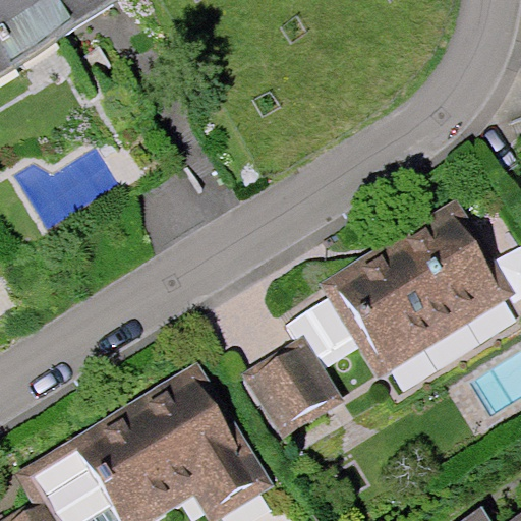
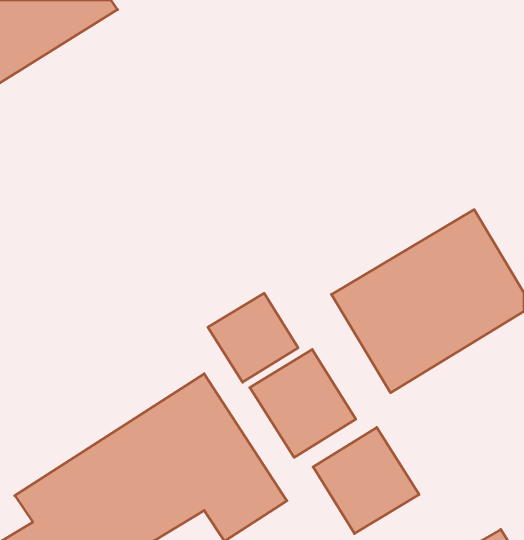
building: none -> [208,293,298,382]
building: none -> [313,427,419,534]

